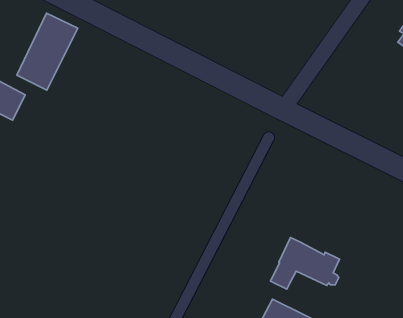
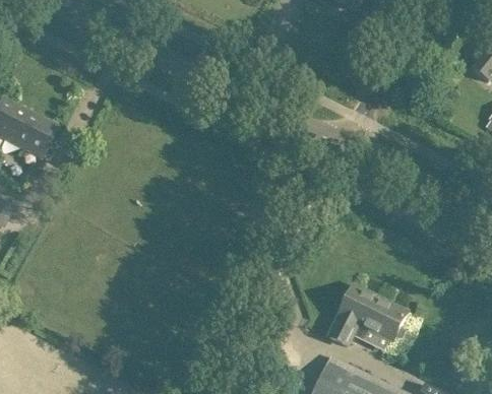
building: [17,13,78,90] -> none

